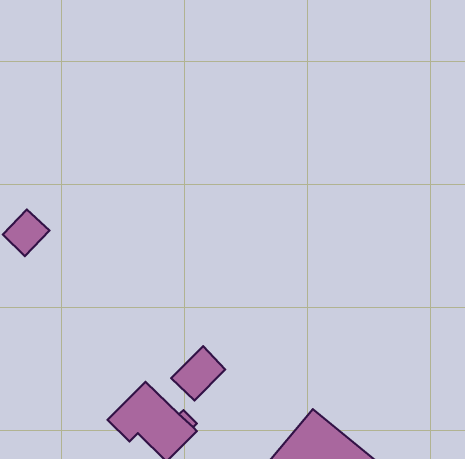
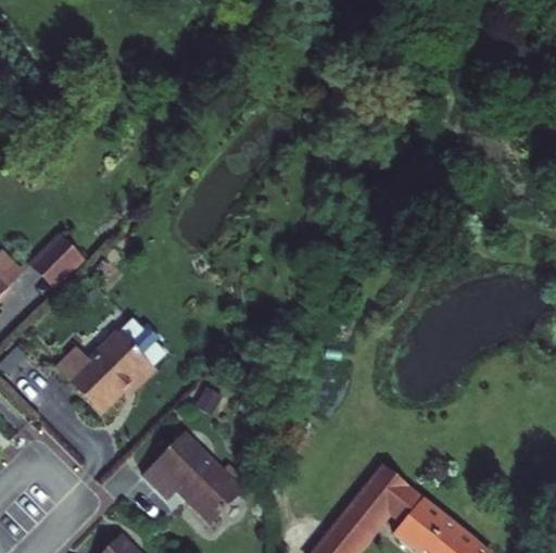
building: none -> [62,338,161,420]
building: [171,346,225,400] -> none

